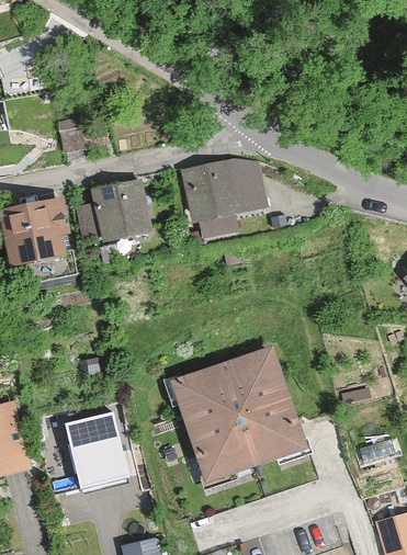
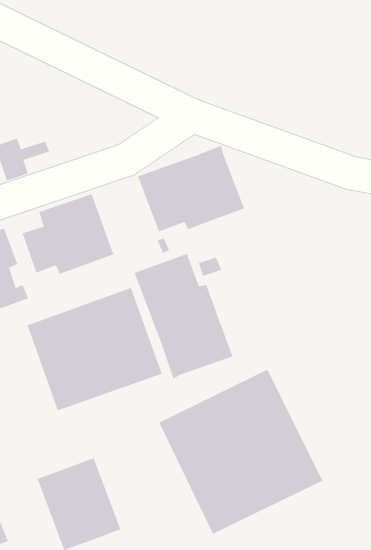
building: none -> [134,253,233,379]
building: none -> [27,287,162,411]

